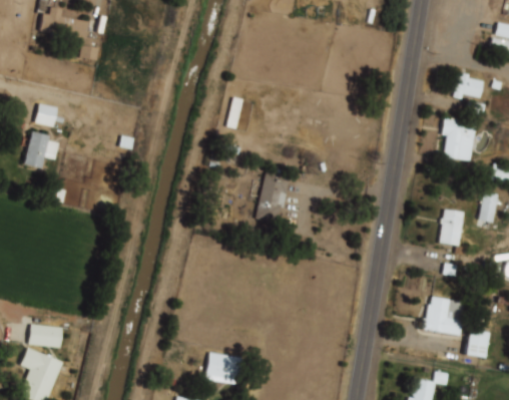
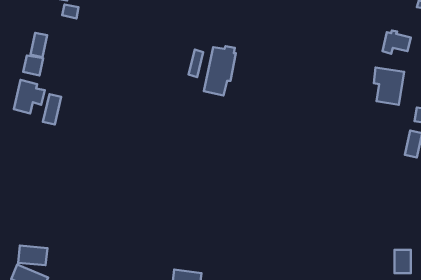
building: none -> [31,33,47,57]
building: none -> [43,94,61,125]
building: [254,168,292,226] -> [204,46,236,95]
building: [440,210,466,245] -> none
building: [422,297,466,337] -> none

